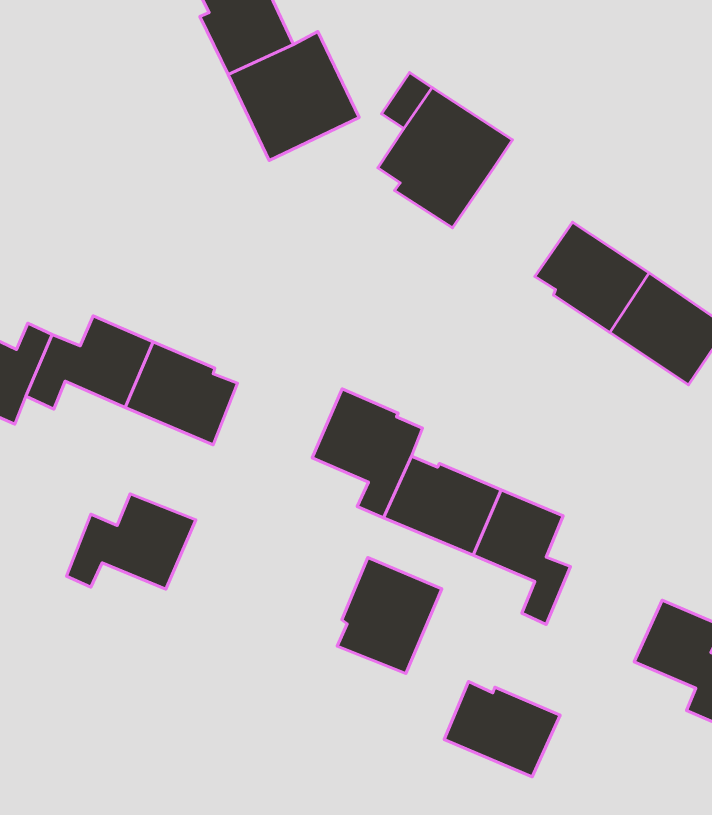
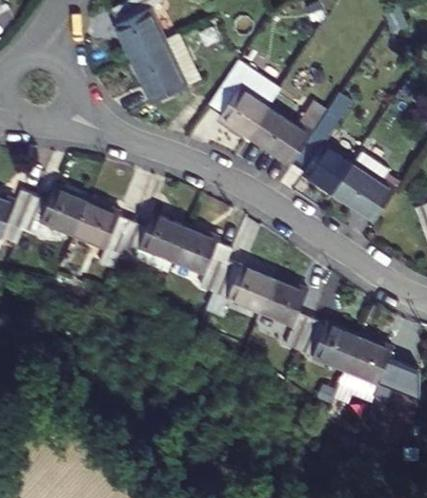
building: none -> [250,103,329,168]
building: [67,494,196,589] -> [122,212,191,263]
building: [337,557,442,674] -> none
building: [444,681,560,777] -> [300,321,362,372]

